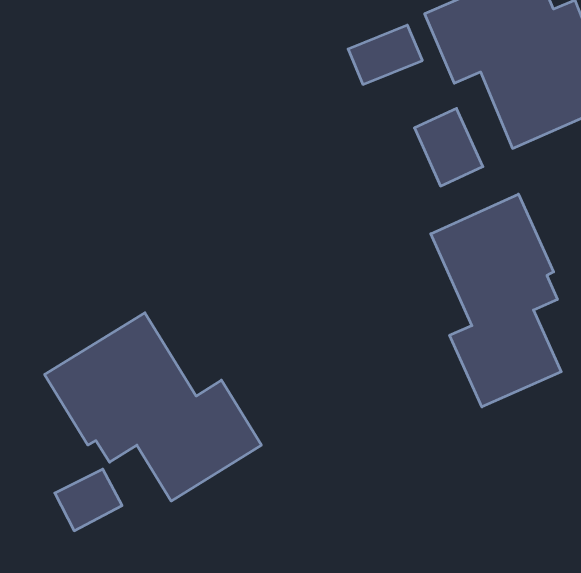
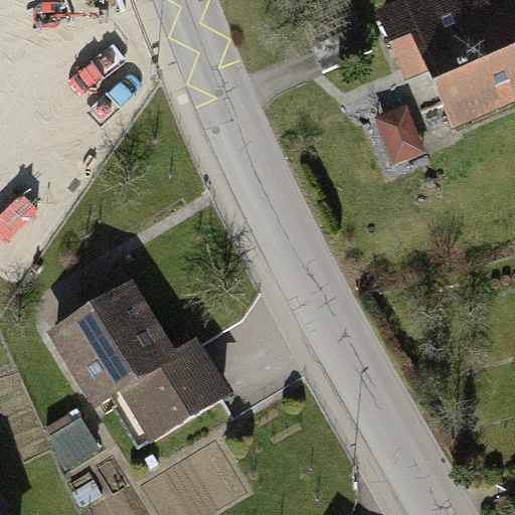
building: [431,194,561,407] -> none

